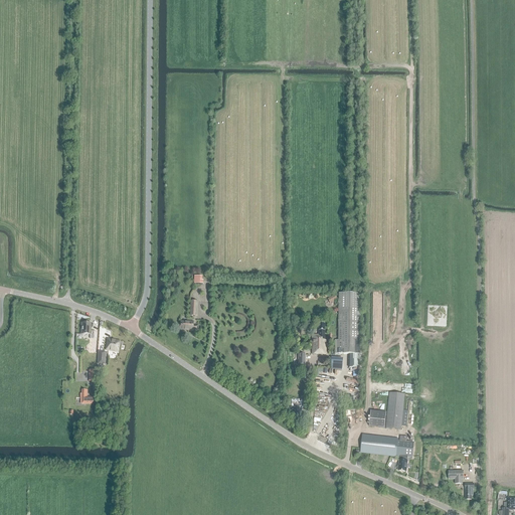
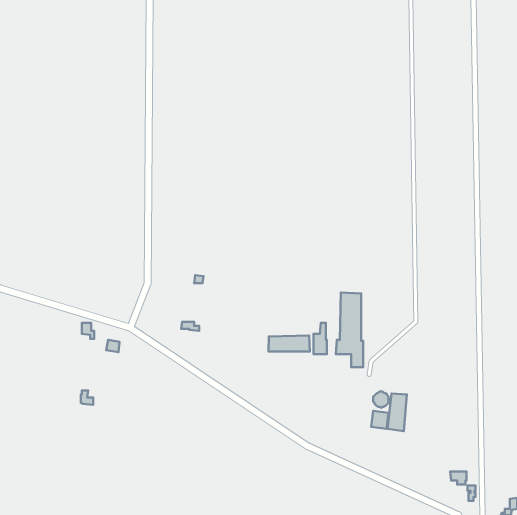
building: none -> [269,336,310,352]
building: [360,434,414,470] -> none

